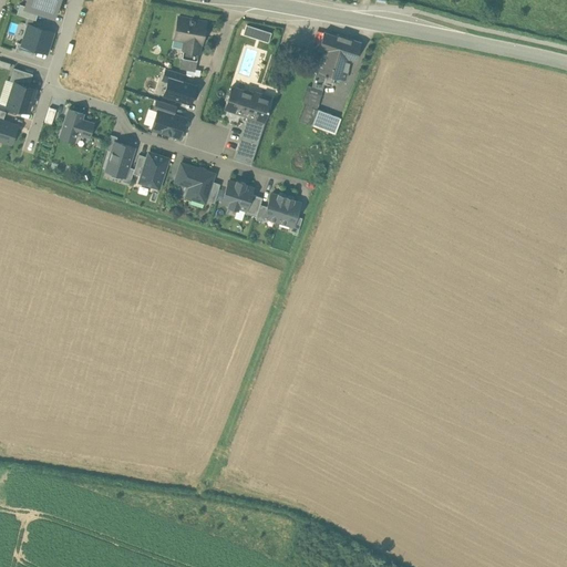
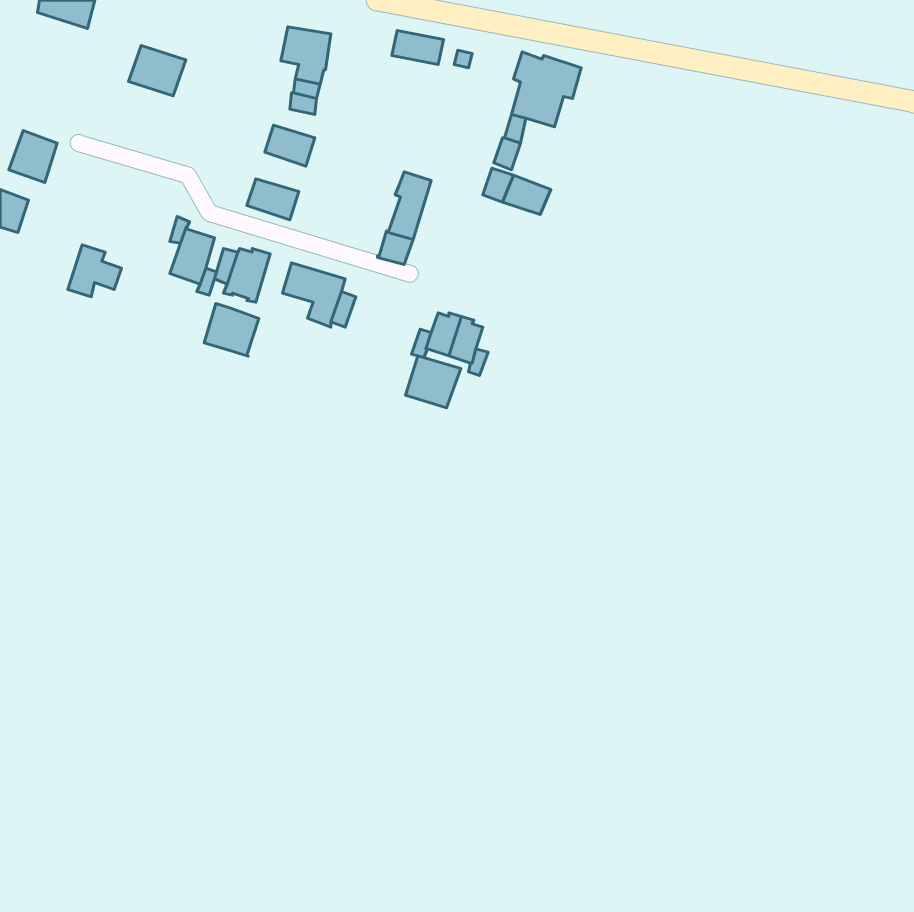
building: [20,24,55,55] -> [129,46,186,96]
building: [224,87,272,116] -> none
building: [60,110,93,142] -> [68,245,121,297]
building: [220,179,255,212] -> [405,356,461,408]
building: none -> [204,304,259,356]

